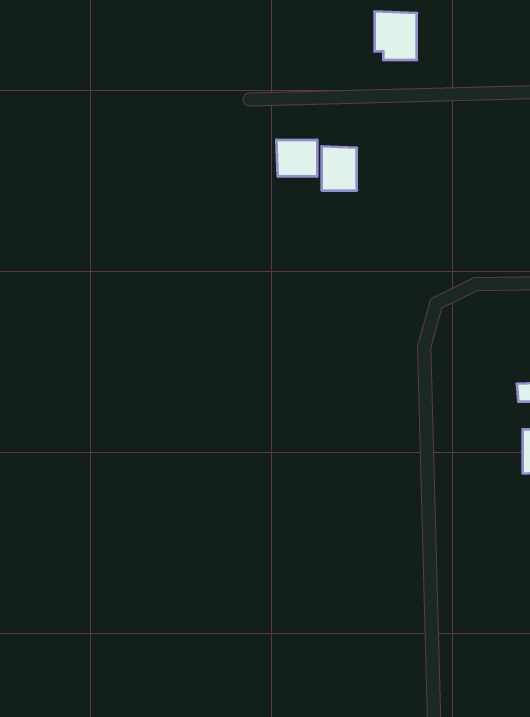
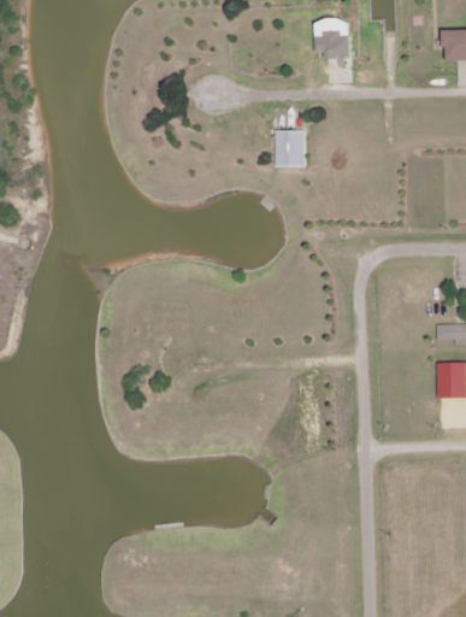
building: [277,140,317,177] -> none

